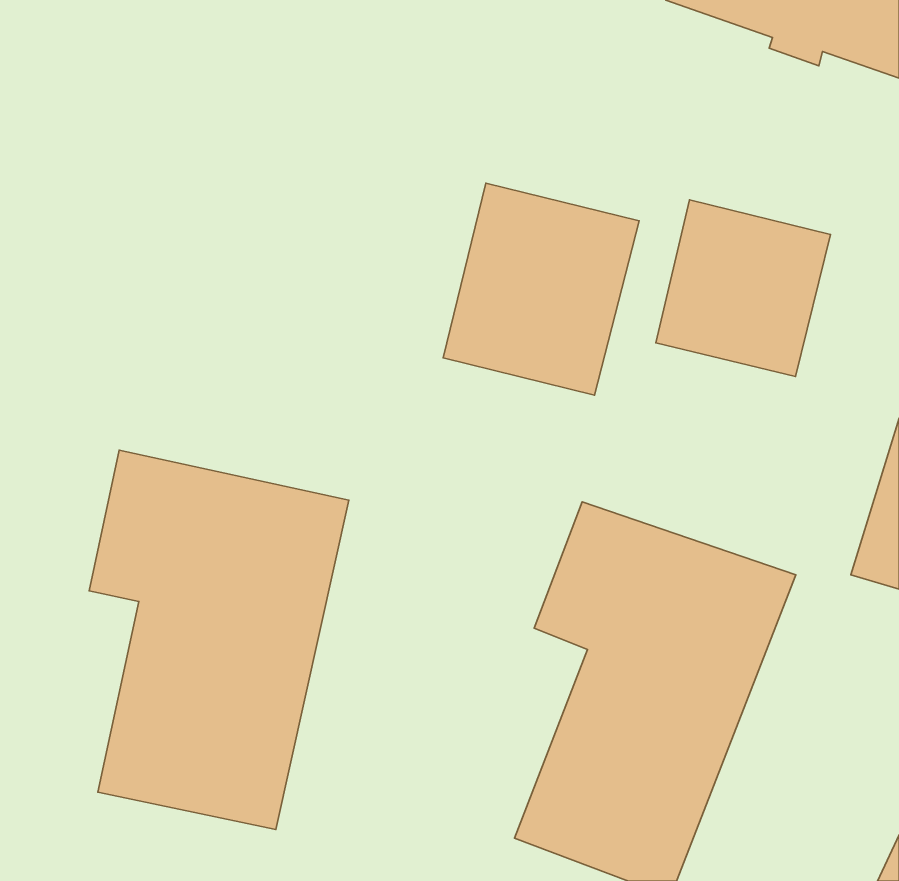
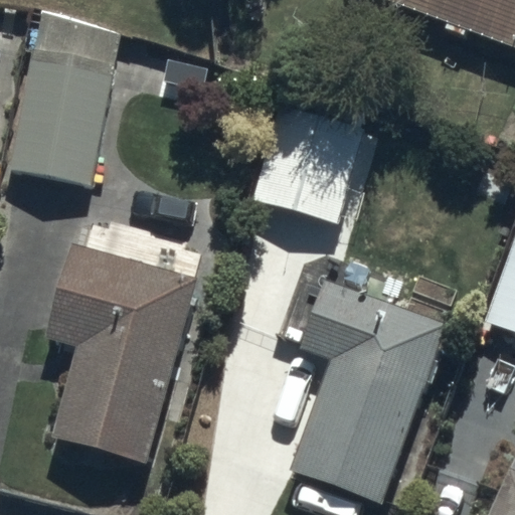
building: none -> [5,12,121,183]
building: [656,200,830,377] -> none

